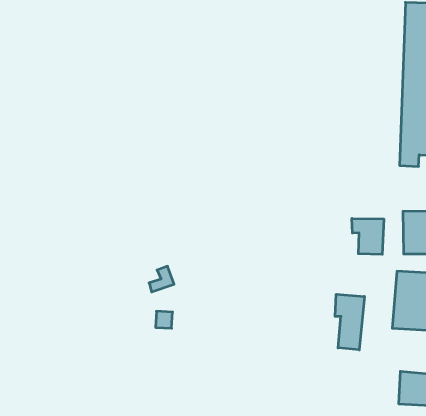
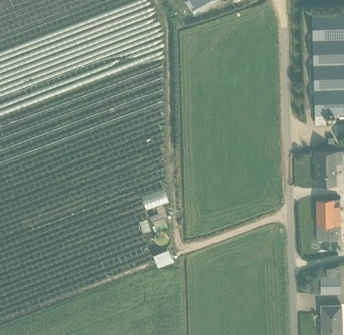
building: [352,218,384,254] -> none
building: [335,294,364,350] -> none

